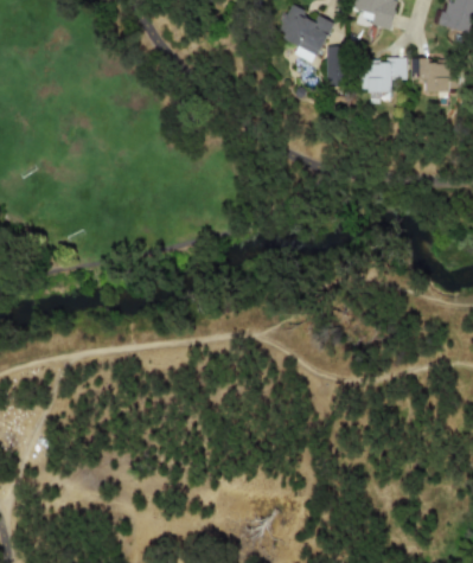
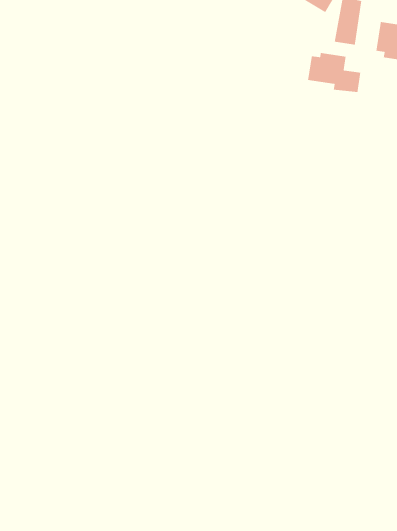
building: none -> [307,52,361,93]

